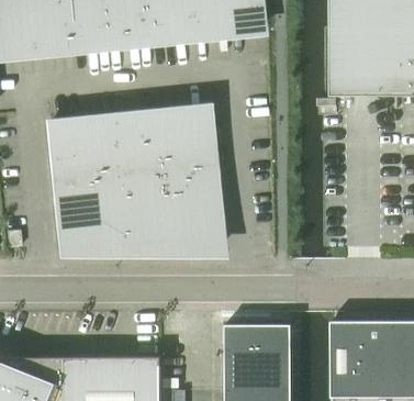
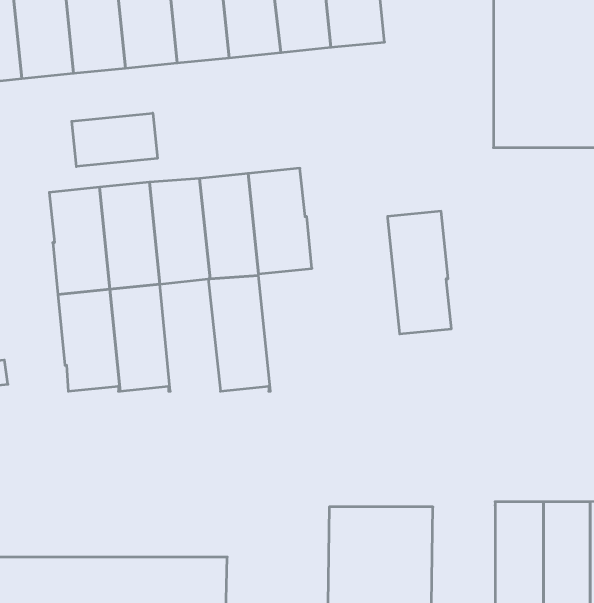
building: none -> [72,113,157,167]
building: [180,174,221,252] -> [388,211,451,334]
building: [118,180,156,252] -> none

